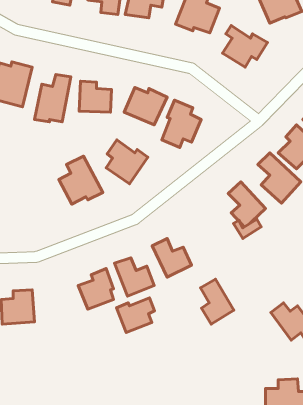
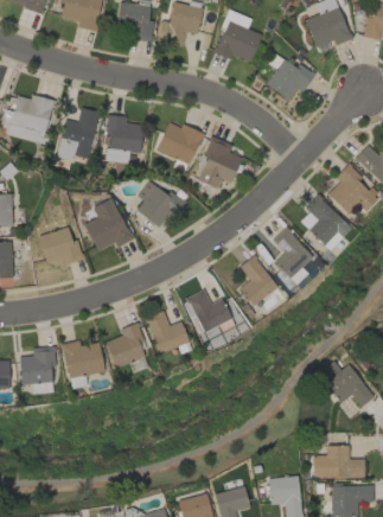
building: none -> [39,226,83,264]
building: [201,279,234,324] -> [240,255,276,305]
building: none -> [63,340,103,377]
building: [117,298,154,333] -> none

